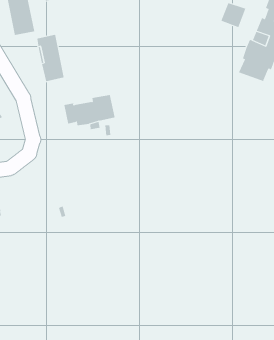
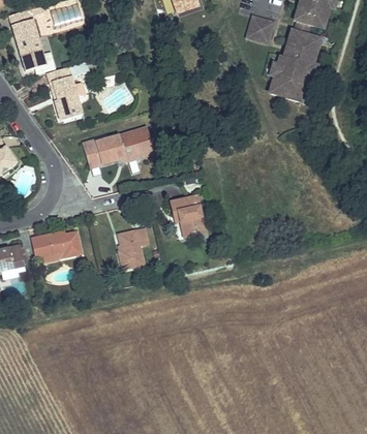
building: none -> [170,192,202,234]
building: none -> [32,229,83,256]
building: none -> [117,225,147,266]

